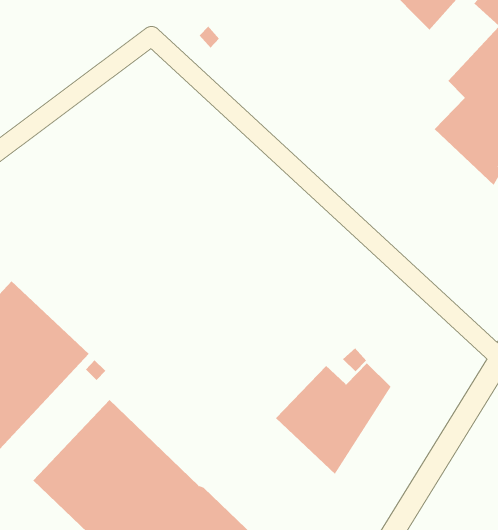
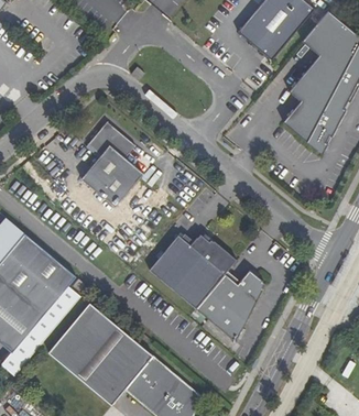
building: none -> [80,120,143,207]
building: none -> [148,233,235,308]

